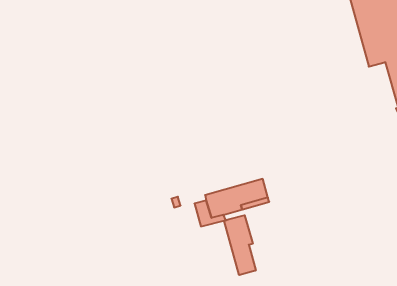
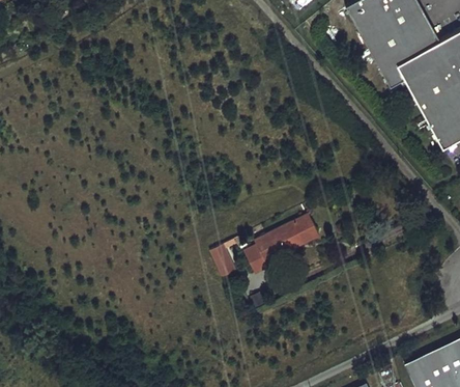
building: [224,215,256,275] -> none

